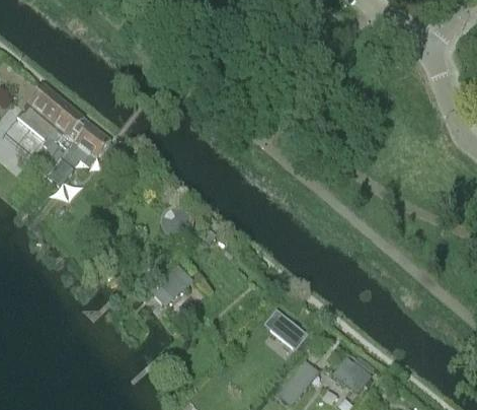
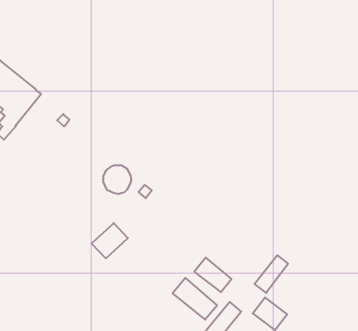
building: [47,122,109,186] -> none
building: none -> [254,255,288,293]
building: none -> [173,278,217,320]

